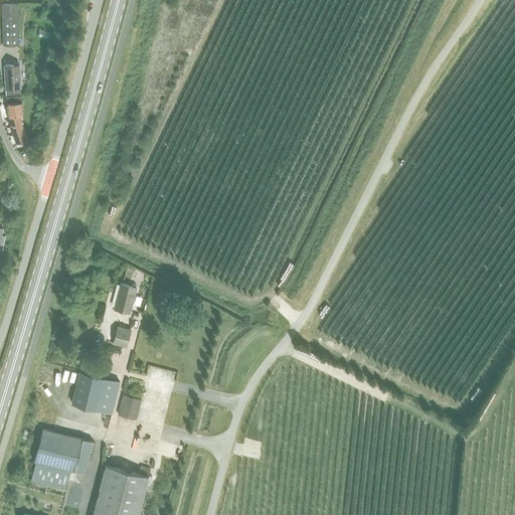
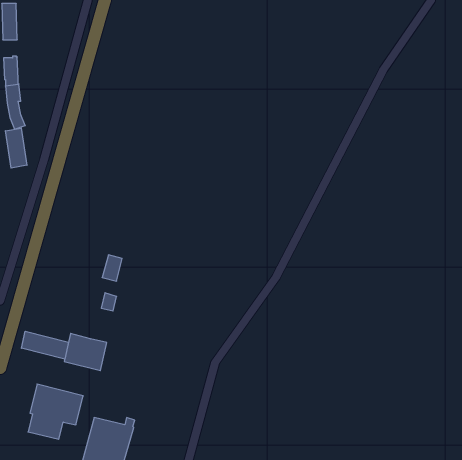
building: none -> [5,128,27,168]
building: none -> [21,331,69,359]
building: [118,396,141,420] -> none

